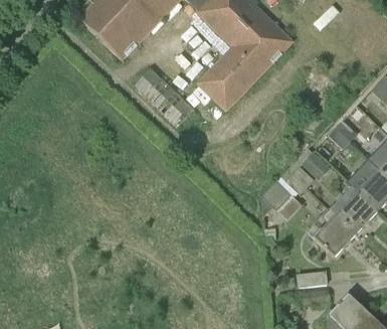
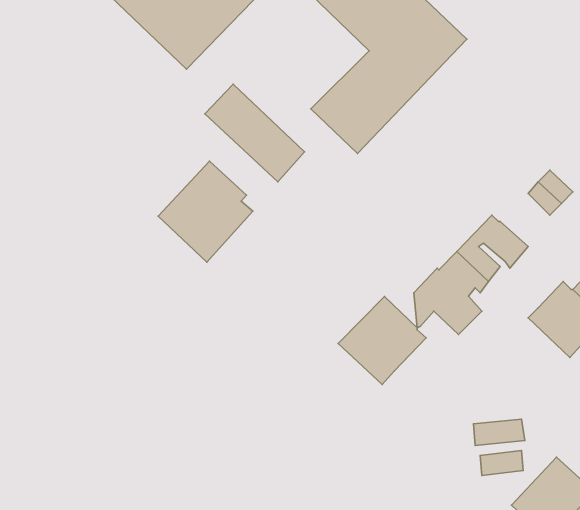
building: none -> [158,161,253,262]
building: none -> [338,296,426,384]
building: [314,209,355,256] -> none

